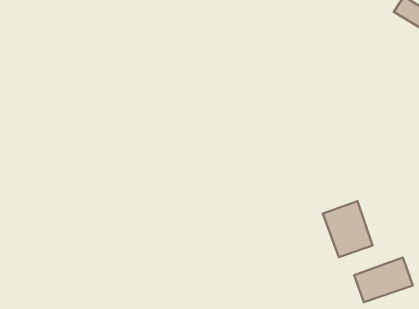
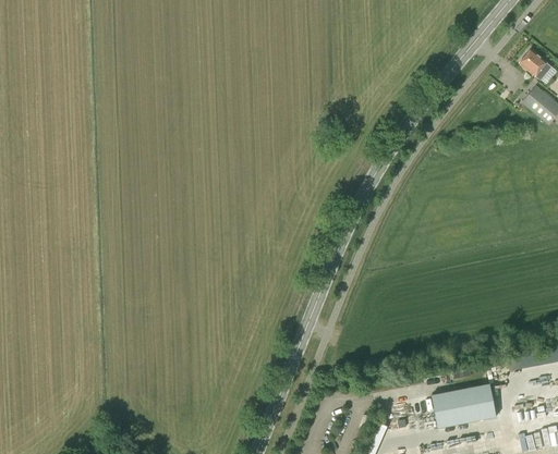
building: [323,201,372,257] -> none

